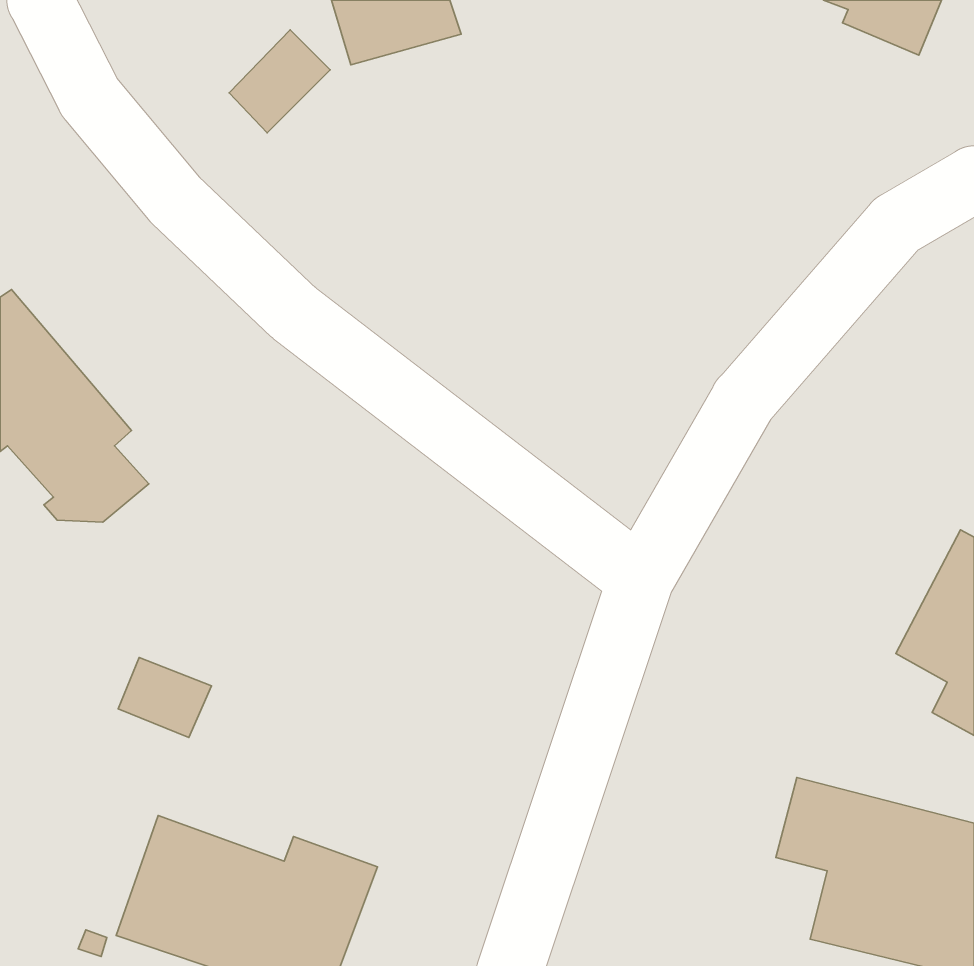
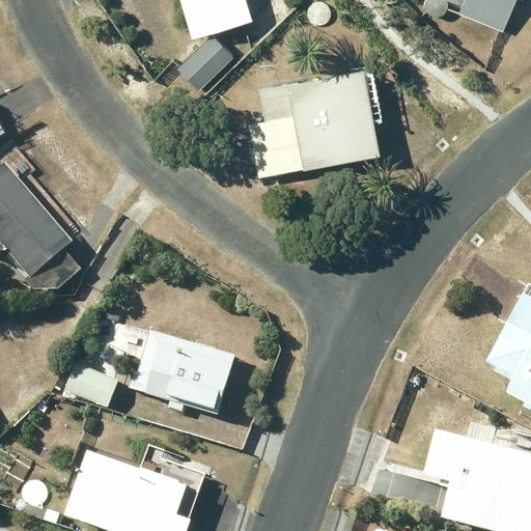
building: [229,30,330,133] -> [177,36,232,92]
building: none -> [248,69,383,178]
building: none -> [129,329,235,415]

